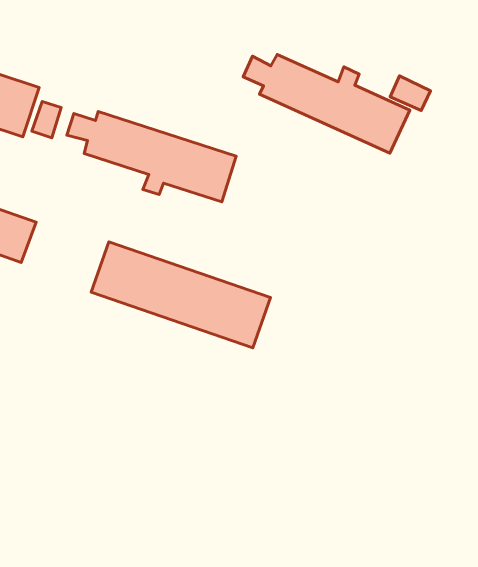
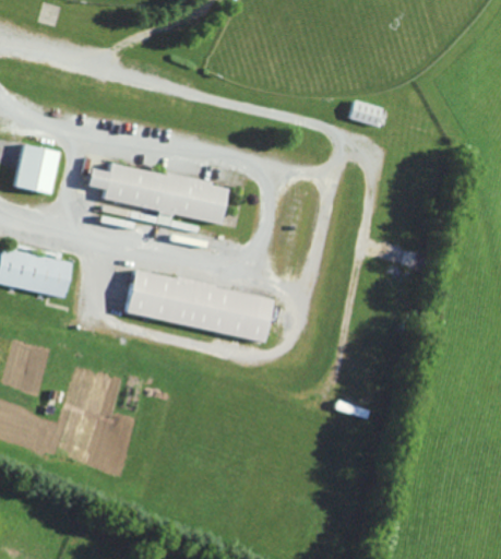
building: [243,54,410,153] -> none
building: [32,102,61,138] -> none

